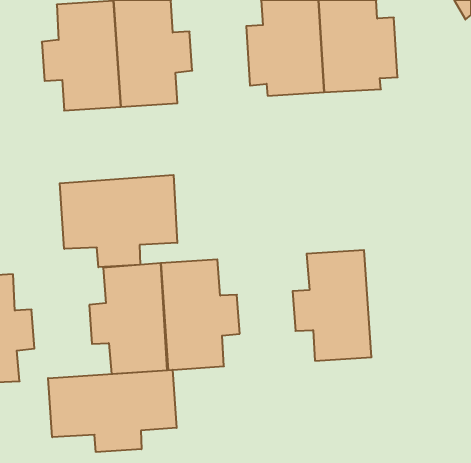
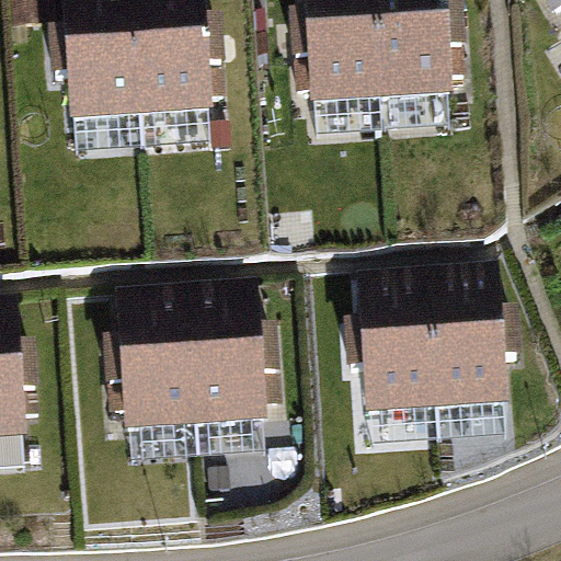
building: [60,175,177,267] -> none
building: none -> [430,305,523,435]
building: [48,370,177,452] -> none

